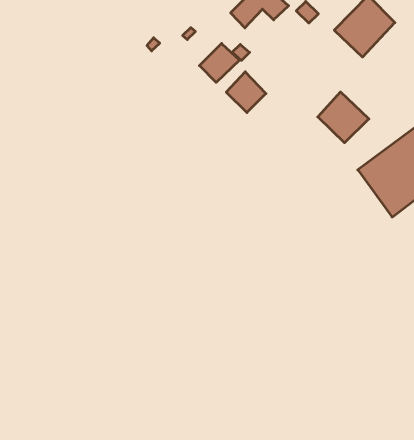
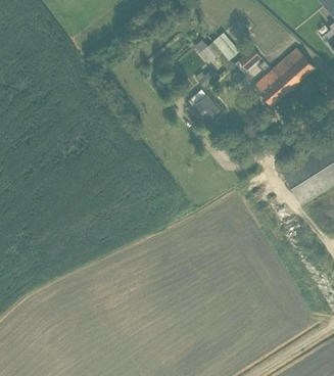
building: [199,43,240,82] -> none
building: [318,92,369,143] -> [255,67,291,103]

